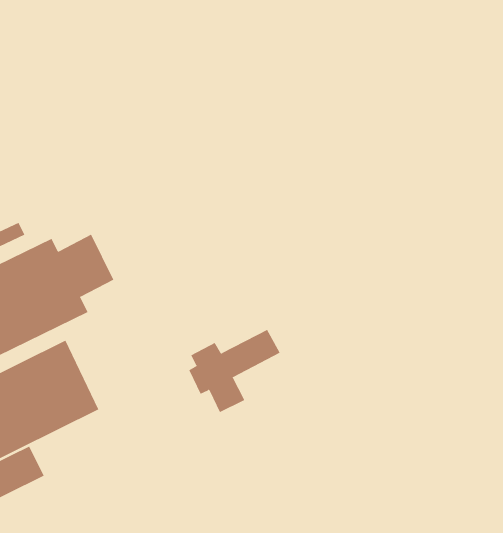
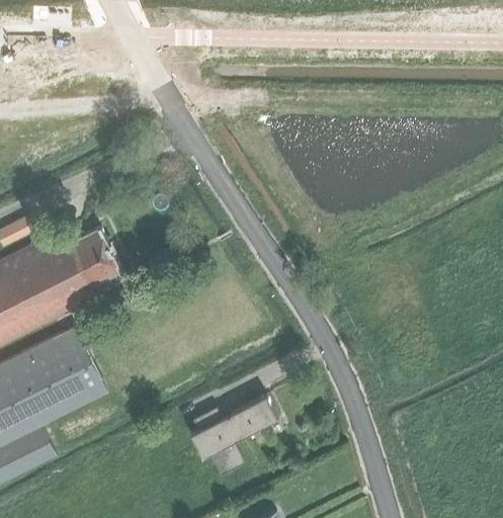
building: [188,329,281,413] -> [188,397,275,476]

